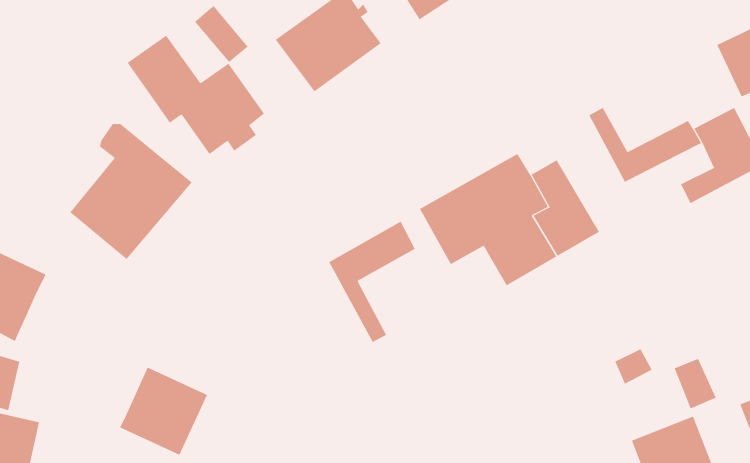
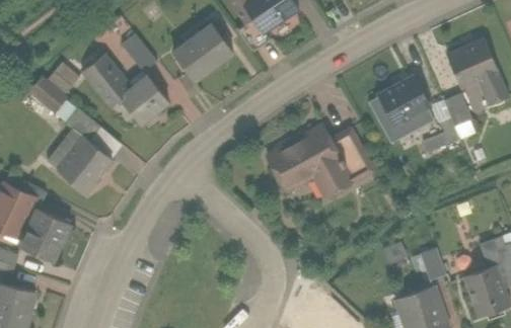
building: none -> [31,59,82,114]
building: none -> [375,75,428,121]
building: [328,221,415,343] -> none
building: [119,367,208,455] -> [9,208,64,262]

